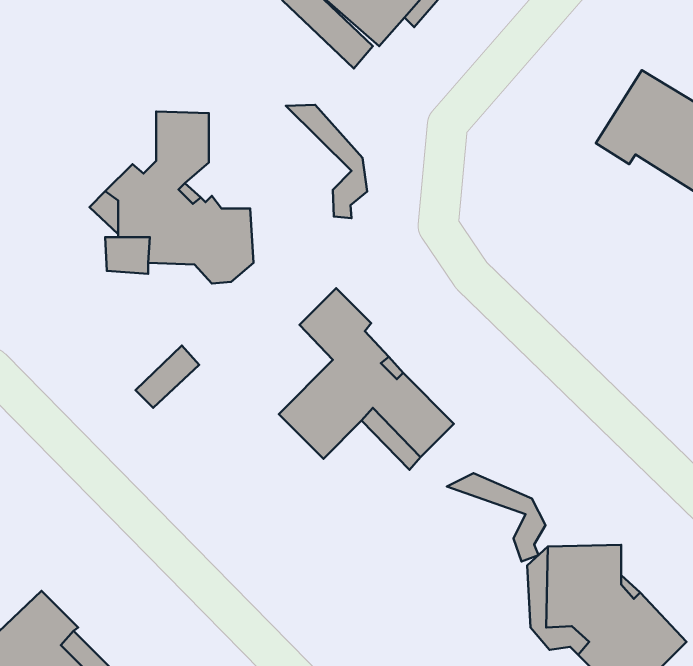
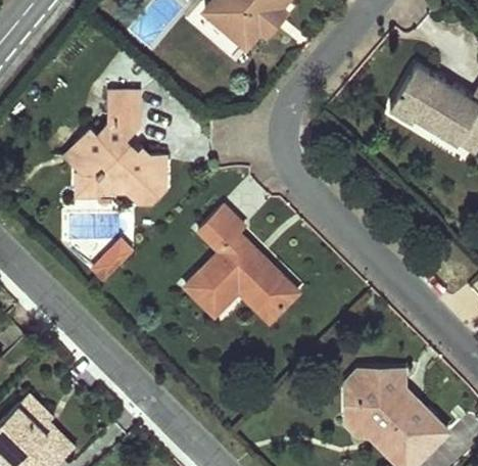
building: [286,105,367,218] -> none
building: [447,473,546,562] -> none

